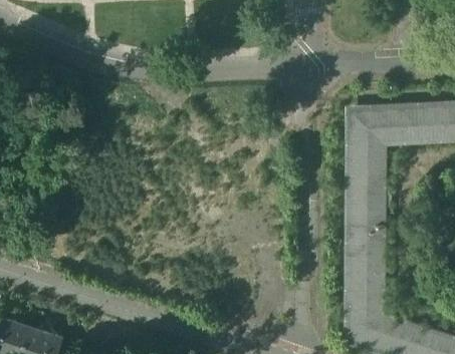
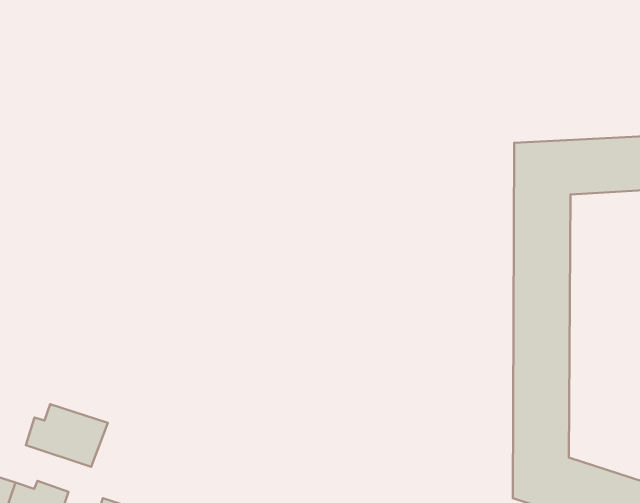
building: none -> [26,404,108,467]

